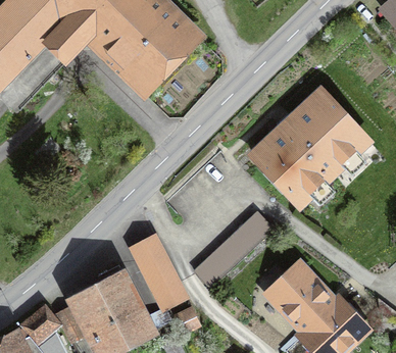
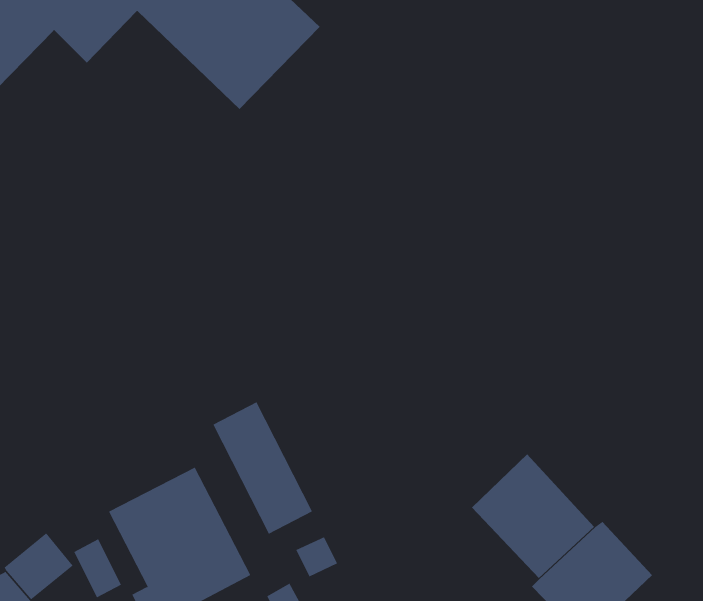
building: [253,93,365,205] -> none
building: [194,213,273,289] -> none

